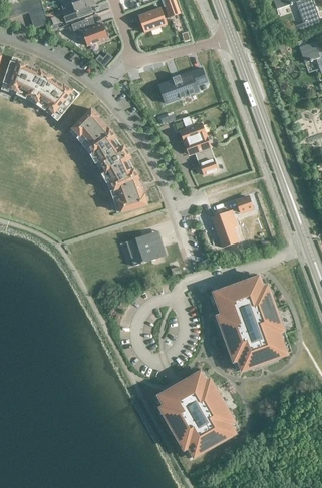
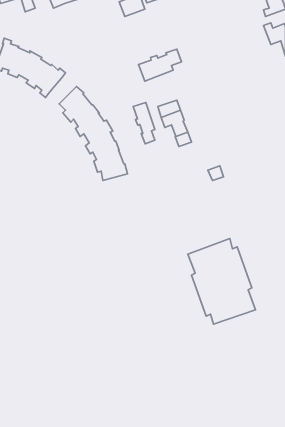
building: [81,22,107,45] -> none
building: none -> [133,102,155,144]
building: [211,208,237,247] -> none
building: [124,232,166,265] -> none
building: [157,371,235,457] -> none

